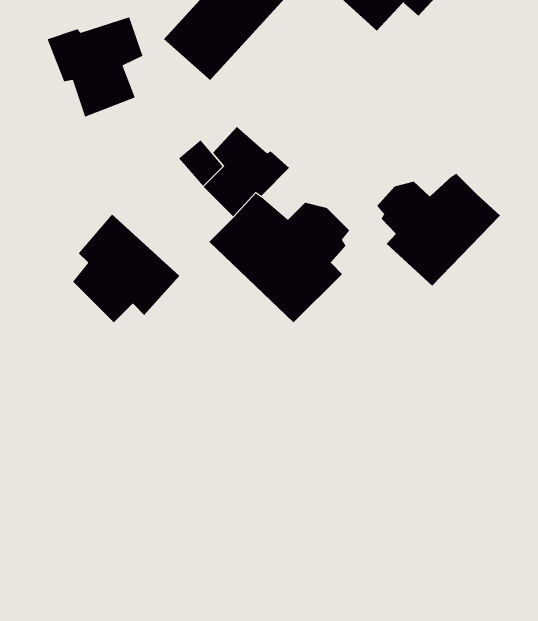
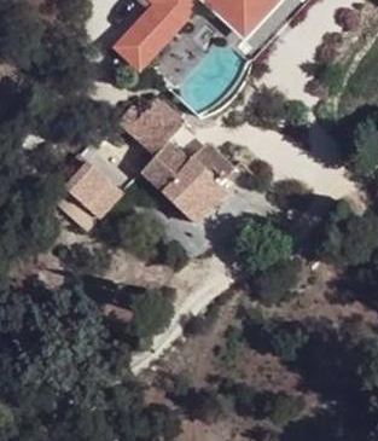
building: [47,16,143,118] -> none
building: [376,173,501,287] -> none

